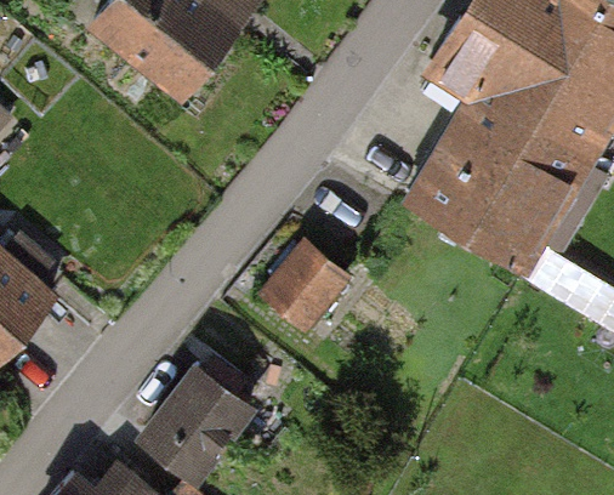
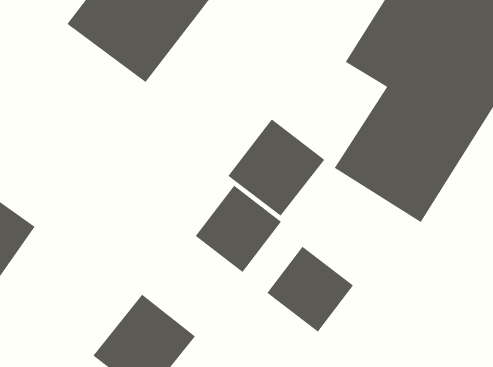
building: none -> [227,118,325,216]
building: none -> [266,246,354,332]

